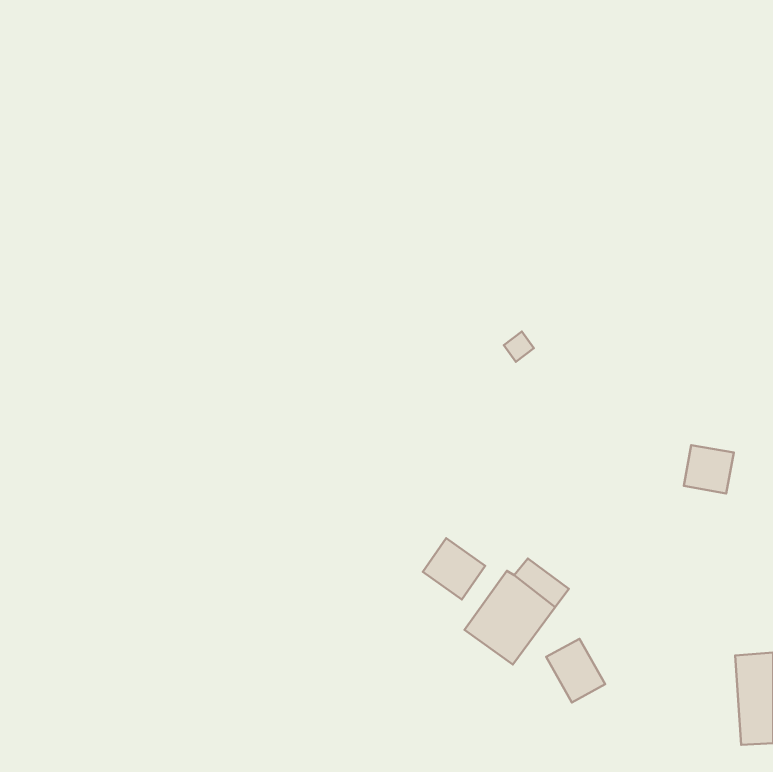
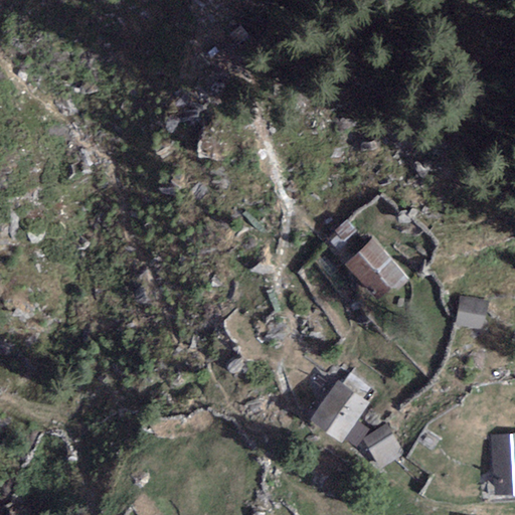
building: none -> [344,236,412,300]
building: [423,538,485,600] -> none

